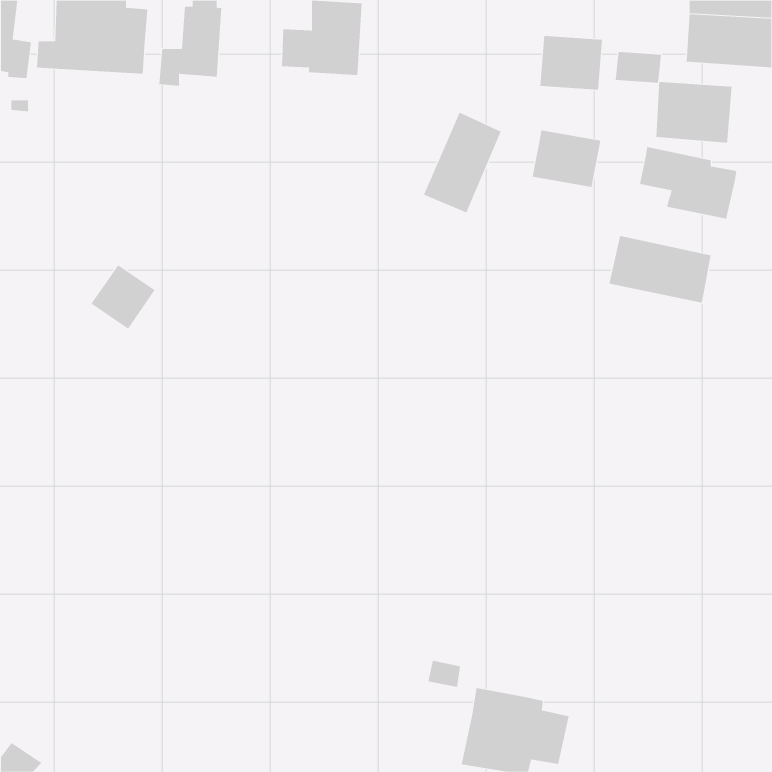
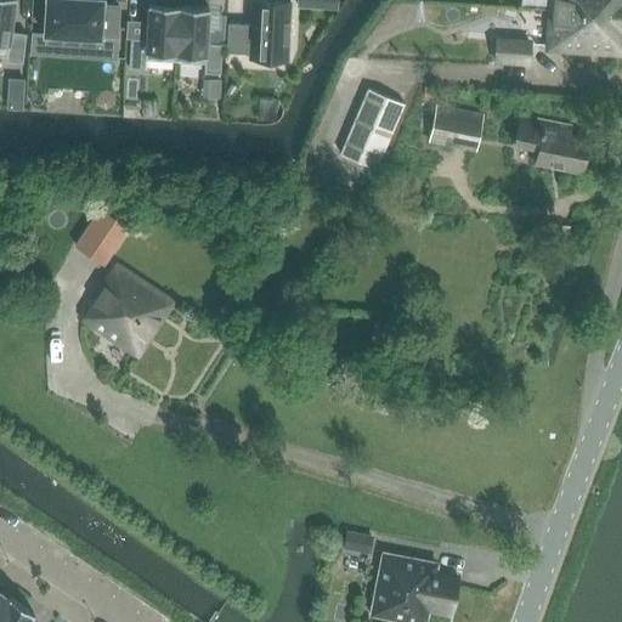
building: none -> [175,6,222,74]
building: [540,35,602,90] -> none
building: [656,81,732,144] -> none
building: [609,235,711,304] -> none
building: none -> [83,265,174,357]

